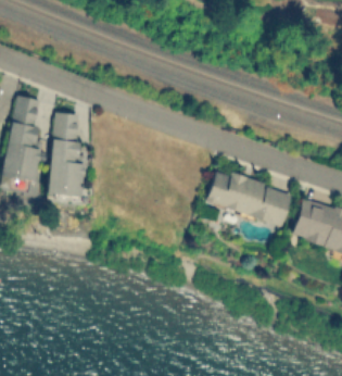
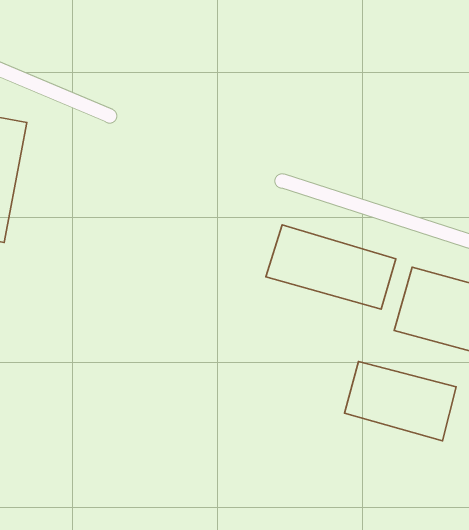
building: [47,112,85,197] -> none
building: none -> [344,362,456,441]

